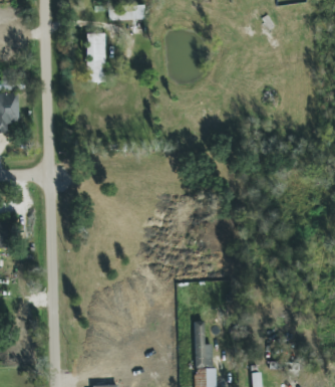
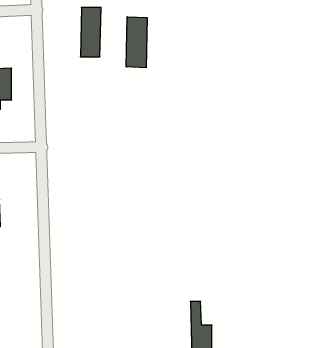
building: none -> [126,17,147,68]

